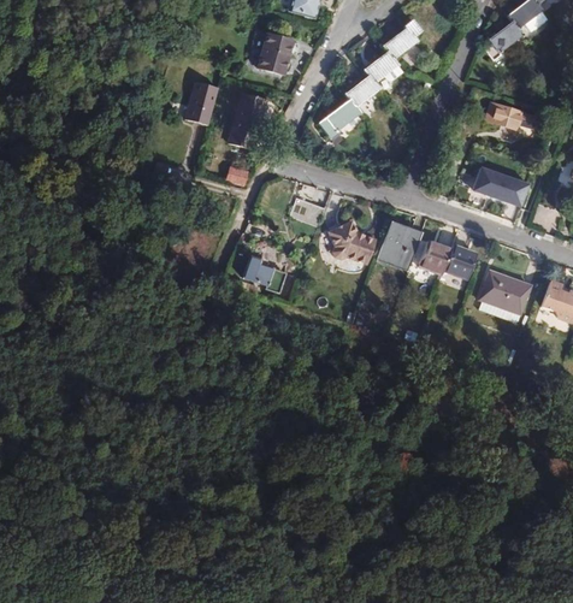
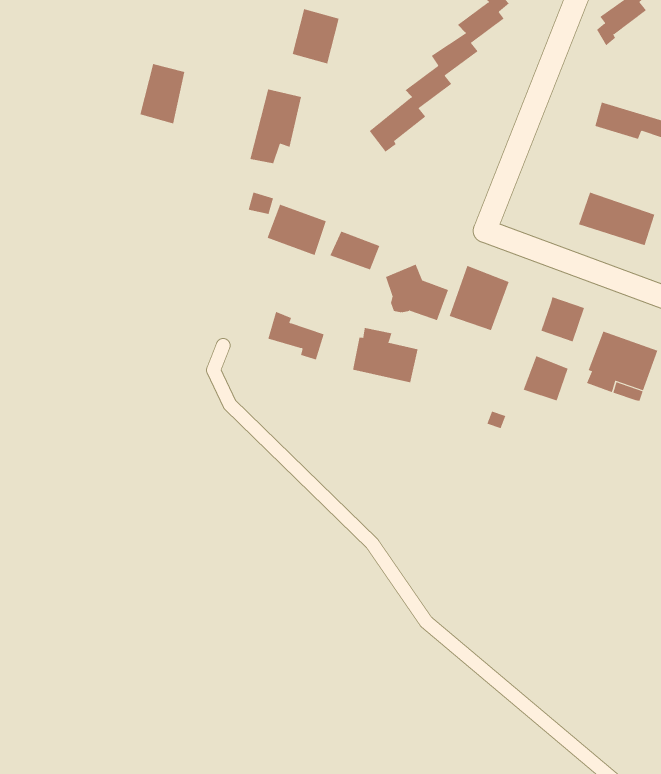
building: [185,81,219,125] -> [139,64,185,124]
building: none -> [267,204,327,256]
building: [418,240,451,273] -> [523,356,569,401]
building: none -> [352,327,418,383]

